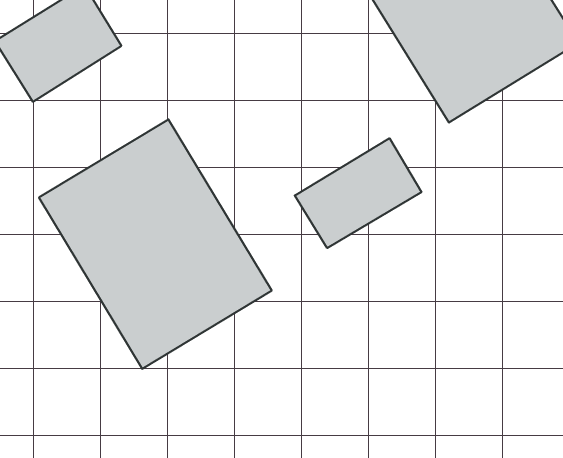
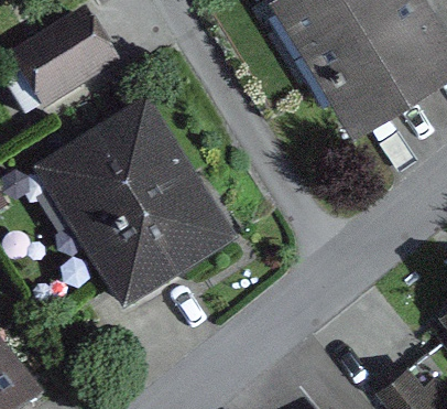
building: [295,138,421,248] -> none

